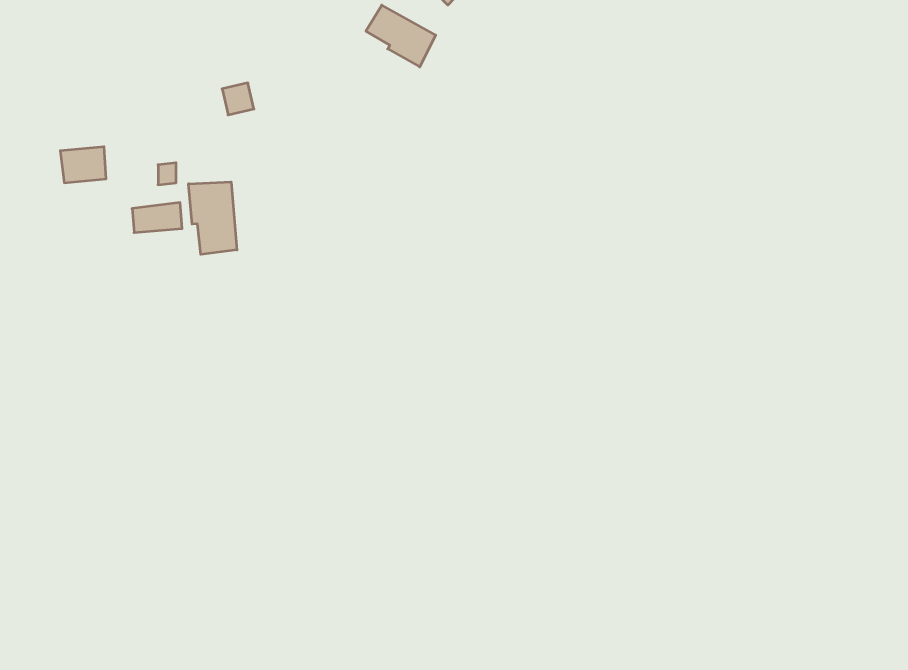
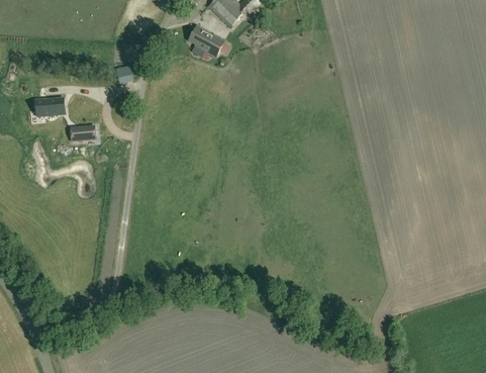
building: [189,182,237,254] -> none

